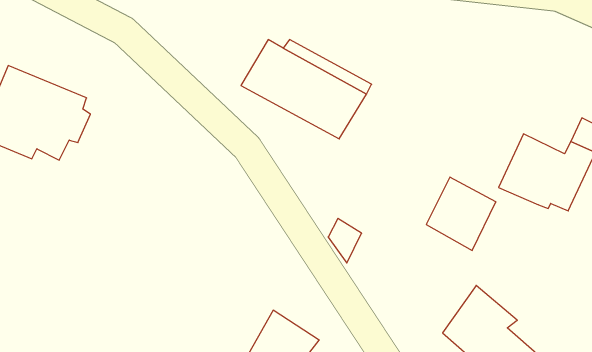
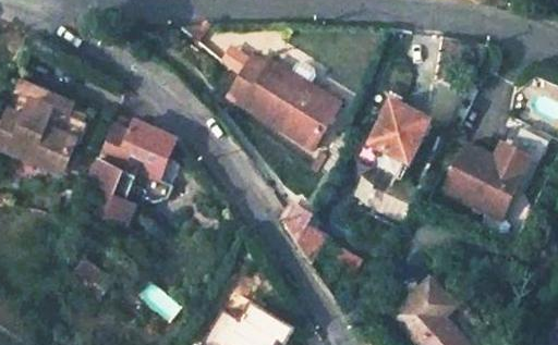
building: none -> [80,115,175,219]
building: [426,177,496,250] -> [368,100,429,164]

